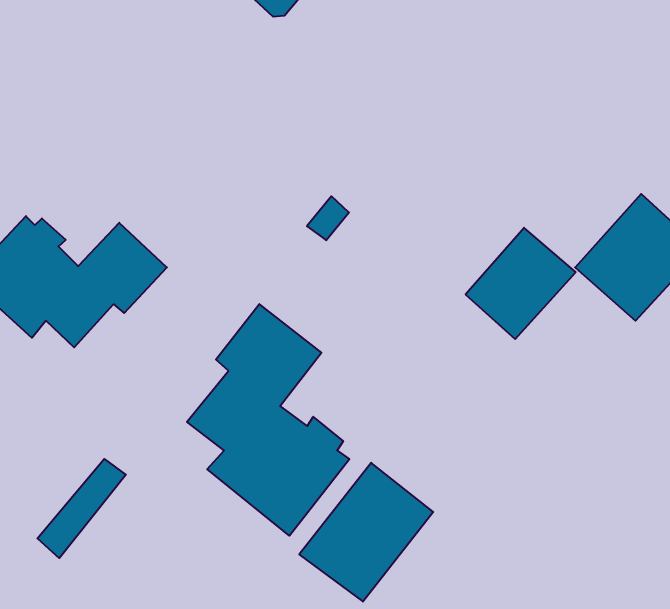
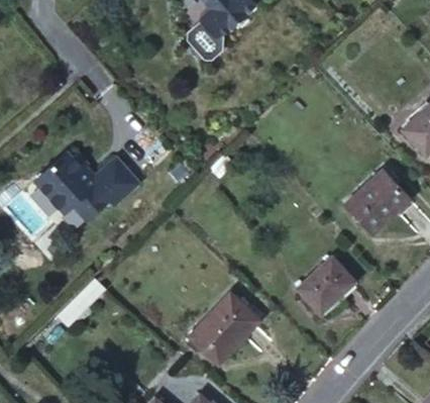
building: [466,228,576,339] -> [298,257,355,313]
building: [187,304,349,536] -> none

